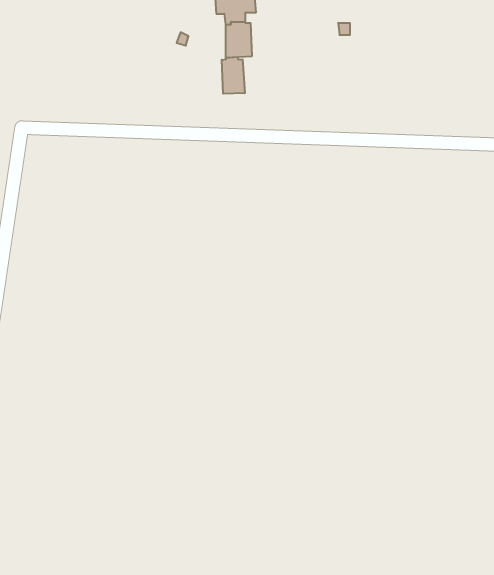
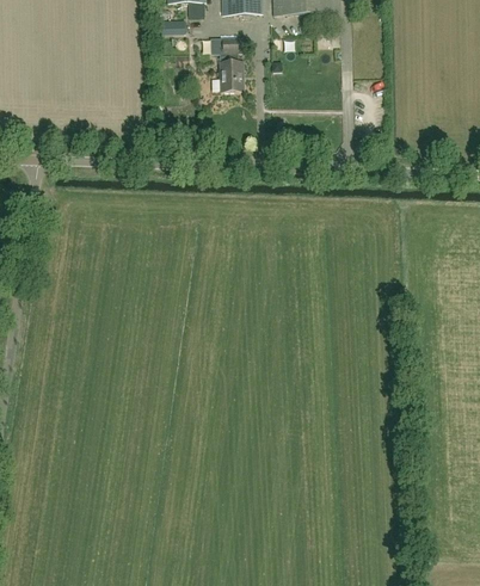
building: [222,57,245,94] -> none

